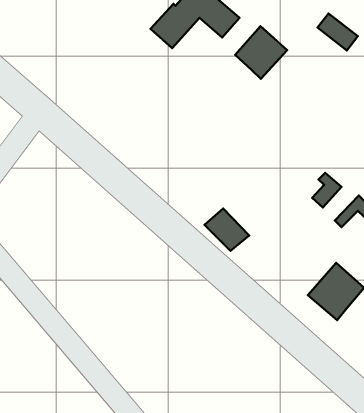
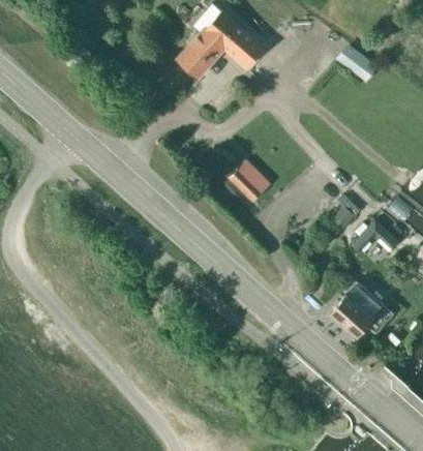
building: [235,26,287,79] -> none
building: [205,208,249,251] -> [229,163,271,204]

